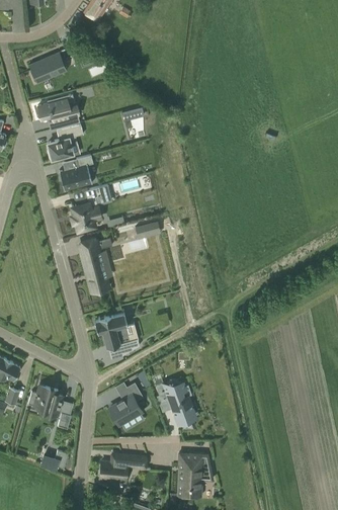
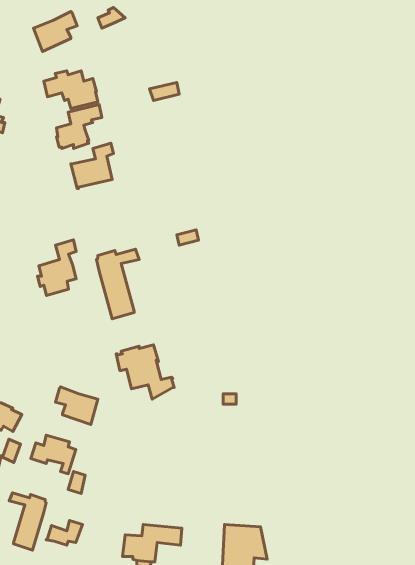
building: [68,187,98,231] -> [38,240,76,296]
building: none -> [55,387,98,424]
building: [109,382,143,424] -> none
building: [156,382,195,428] -> none
building: none -> [9,493,46,550]

